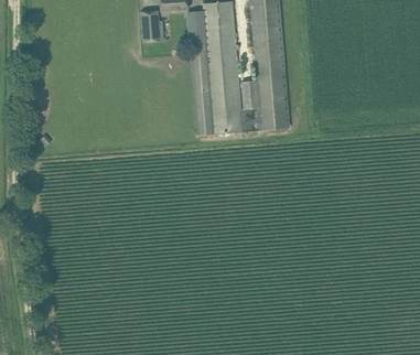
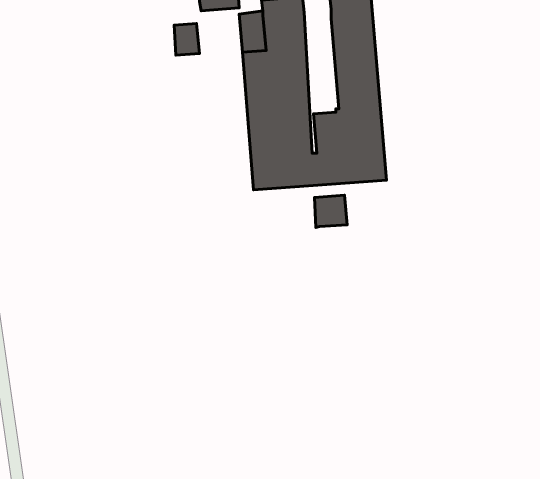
building: none -> [314,195,347,227]

